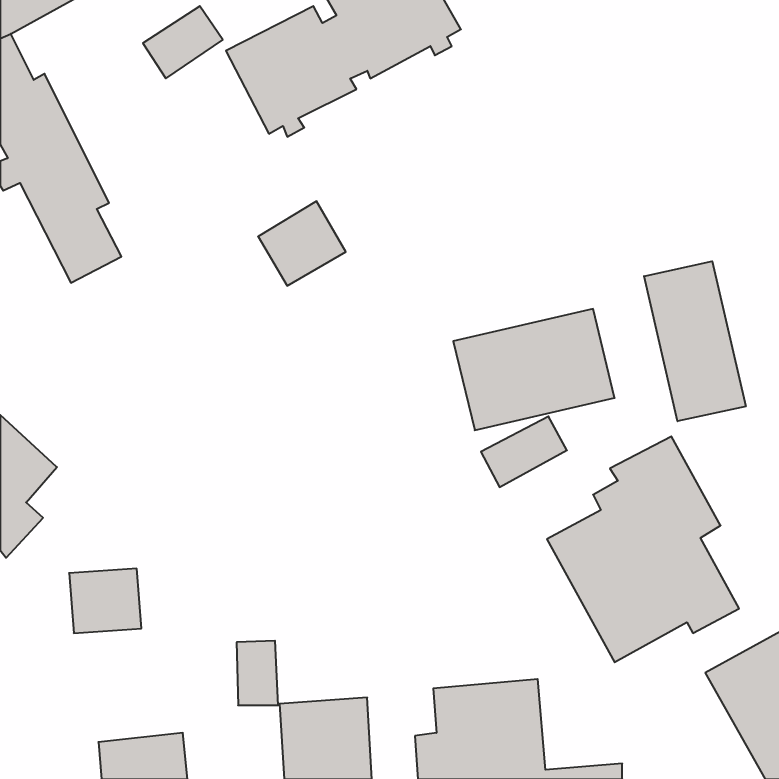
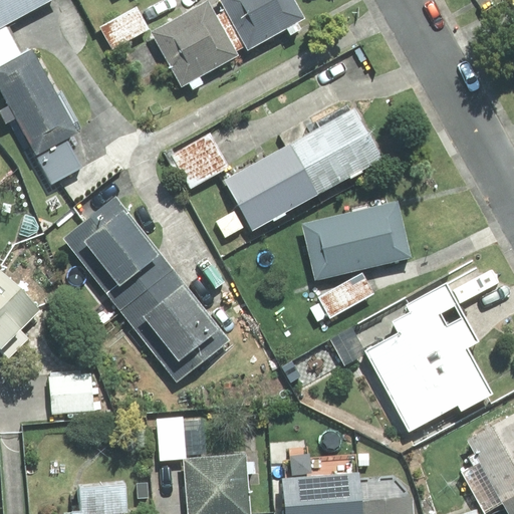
building: none -> [214,110,379,241]
building: [644,261,746,421] -> none
building: none -> [65,197,229,380]

